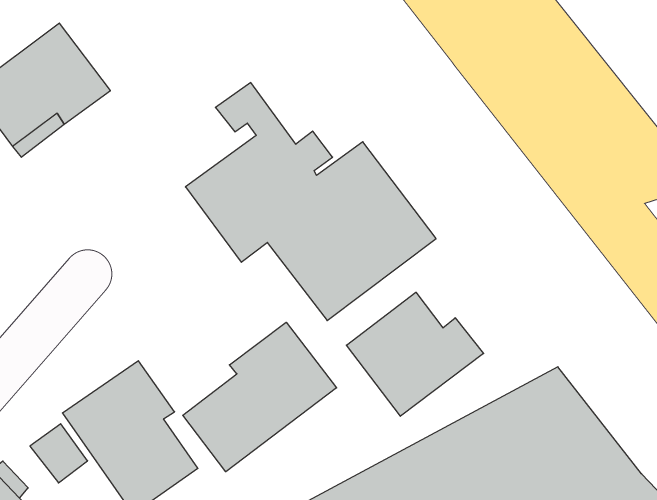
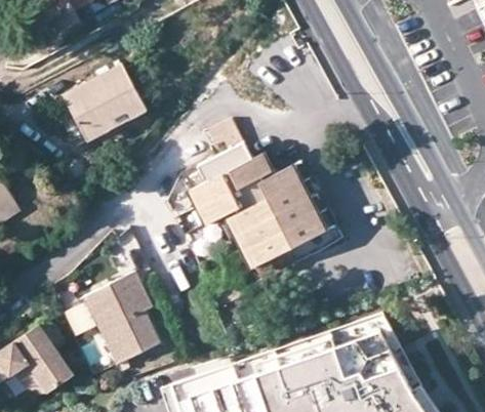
building: [346,292,484,416] -> none
building: [183,322,337,472] -> none

